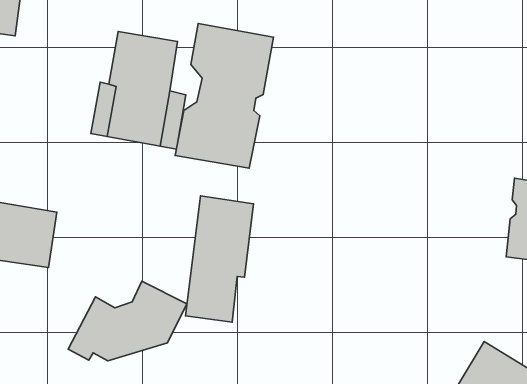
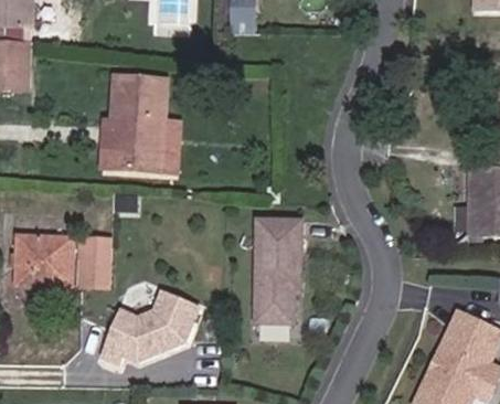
building: [175,24,274,168] -> none
building: [185,196,254,322] -> [254,219,302,325]
building: none -> [77,238,111,287]

